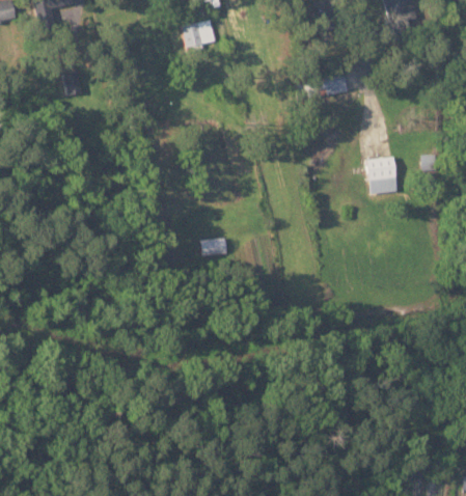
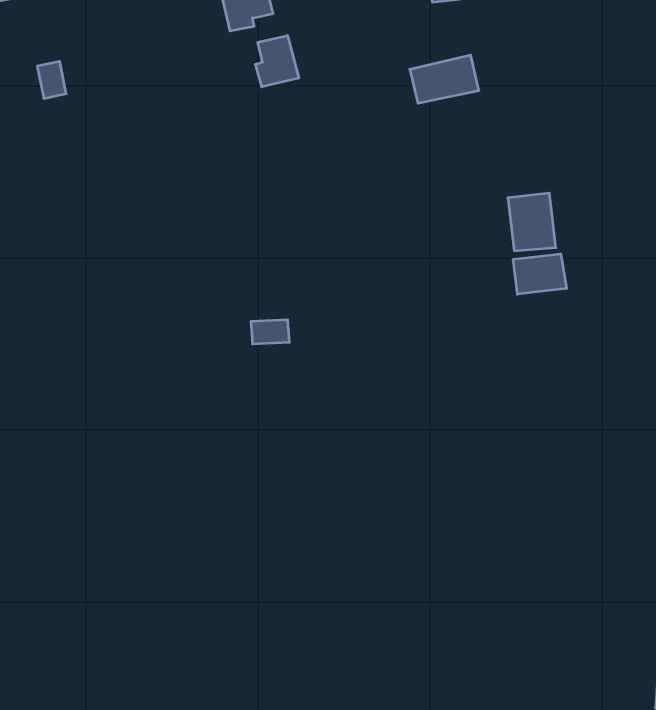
building: none -> [255,35,299,87]
building: none -> [513,254,566,294]

